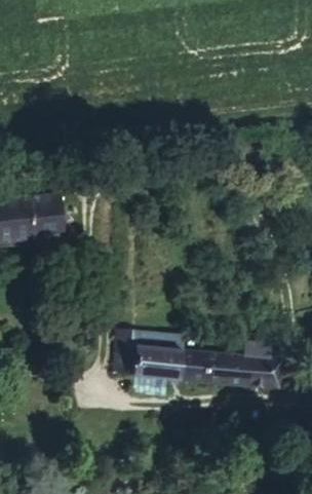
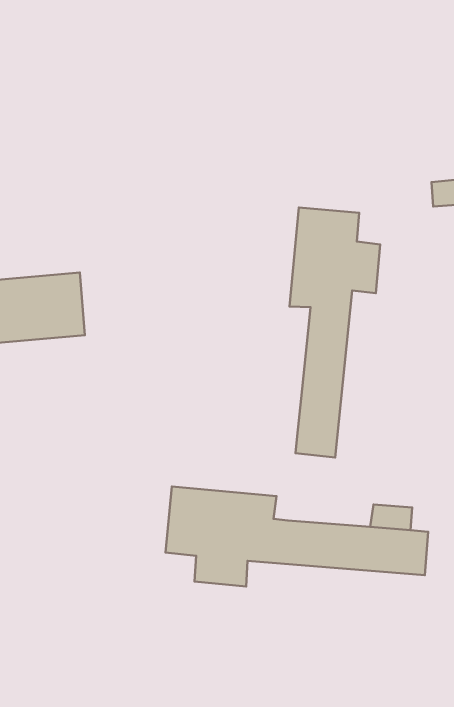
building: none -> [290,207,380,457]

